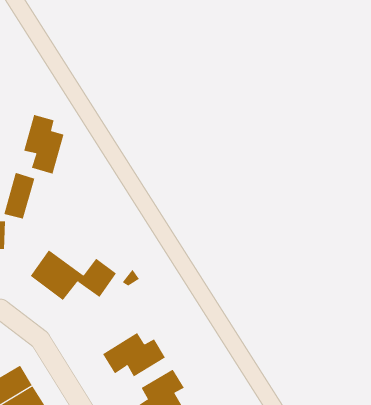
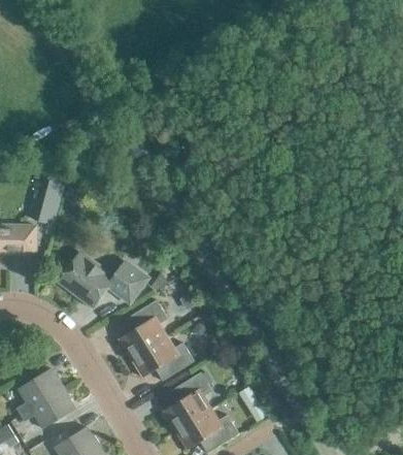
building: [24,114,64,175] -> none
building: none -> [119,300,168,358]

